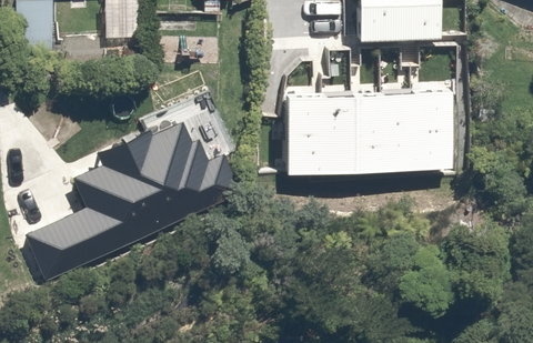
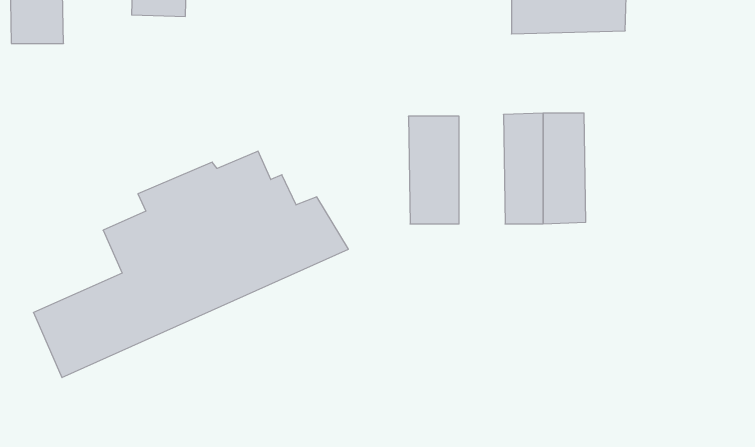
building: [412,93,454,171] -> none
building: [324,95,356,172] -> none

